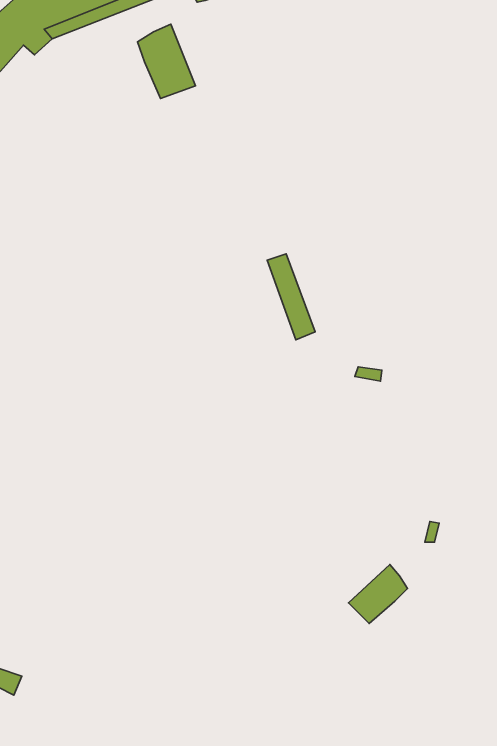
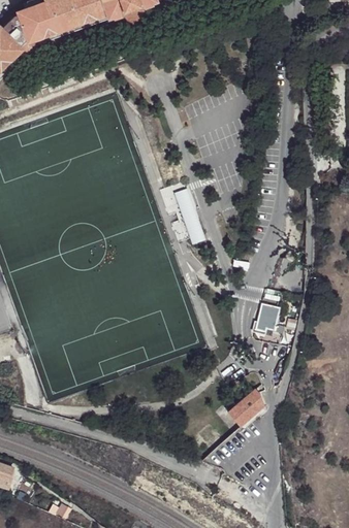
building: [137,24,196,98] -> none
building: none -> [253,304,285,334]

